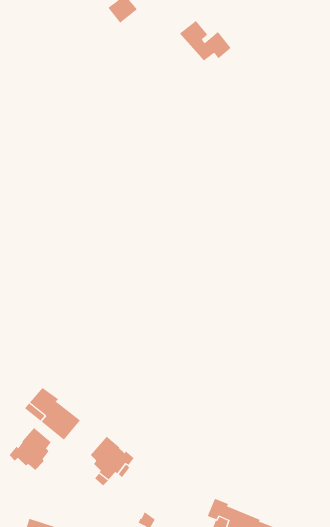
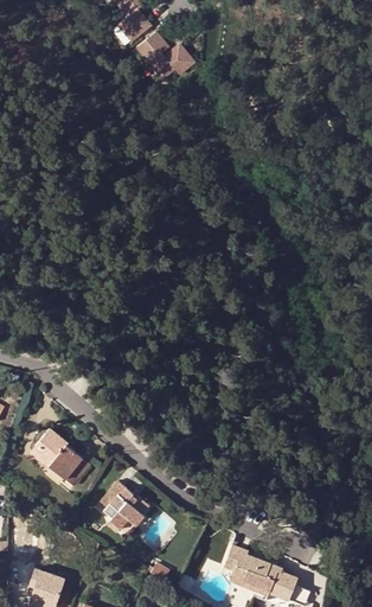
building: [179,20,232,61] -> [137,32,193,76]
building: [9,427,52,471] -> none

